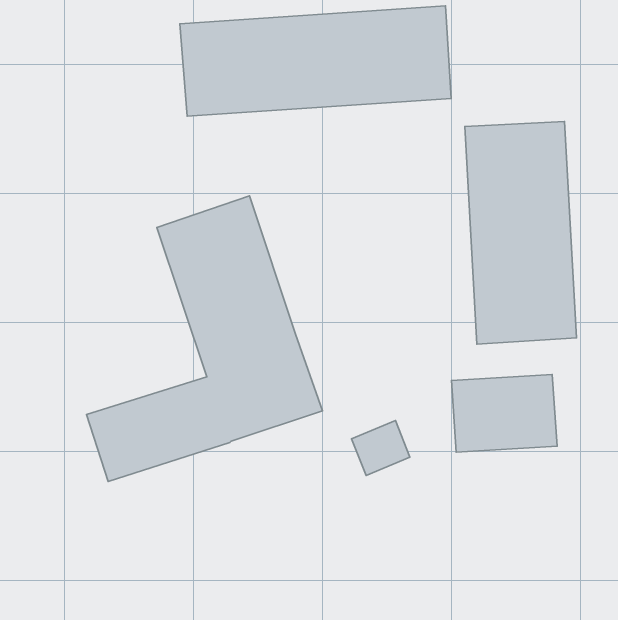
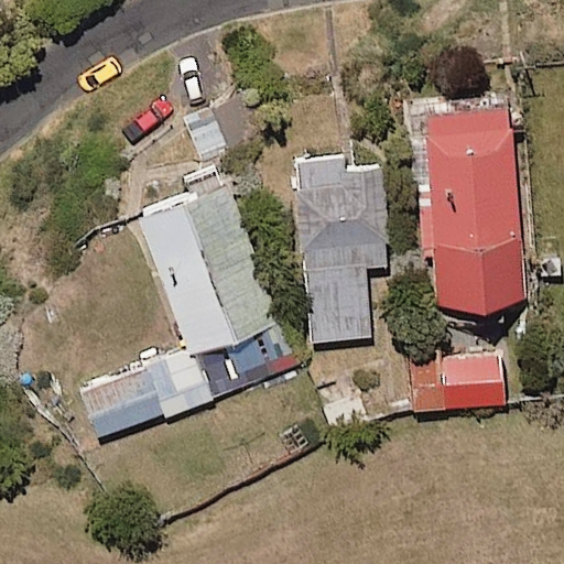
building: [180,6,451,116] -> none
building: none -> [297,159,388,341]

